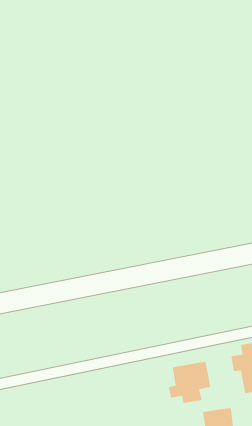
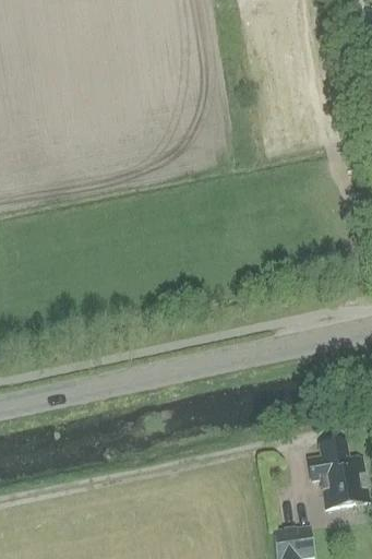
building: [168,361,211,404] -> none

